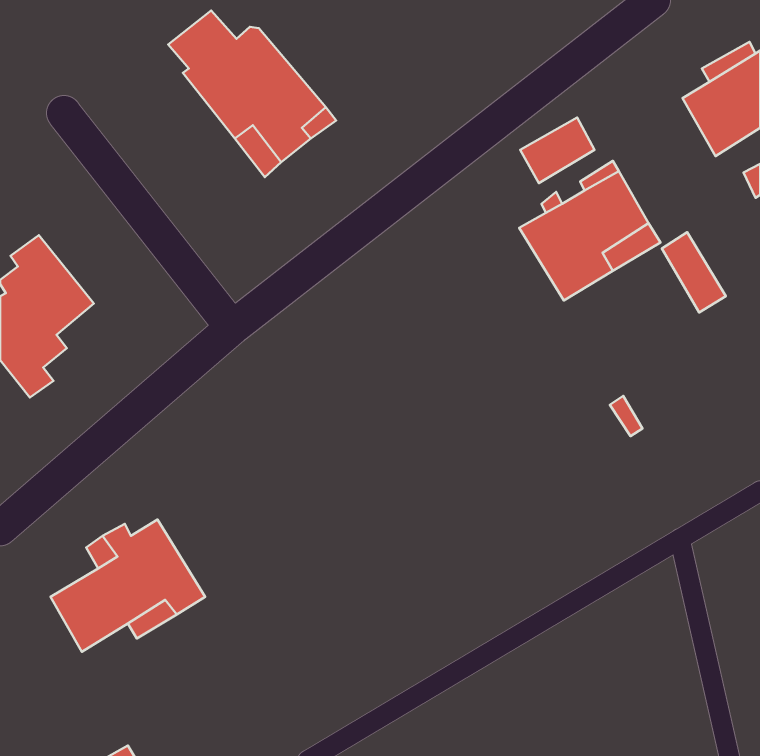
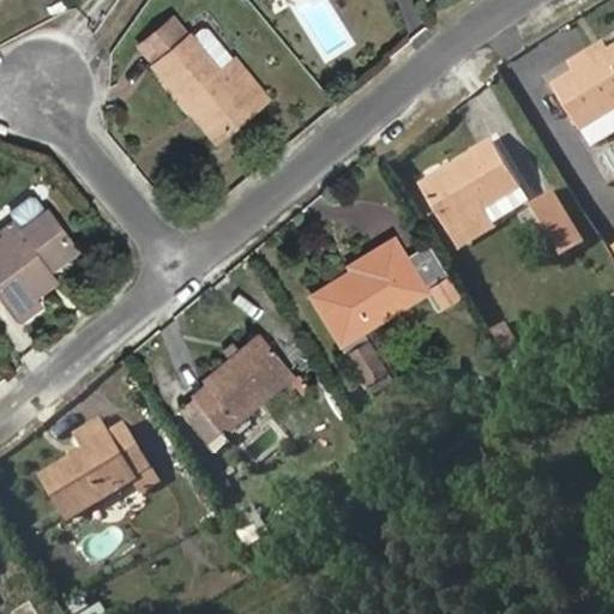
building: [520,117,595,183] -> none
building: none -> [307,239,459,392]
building: none -> [188,335,291,439]

